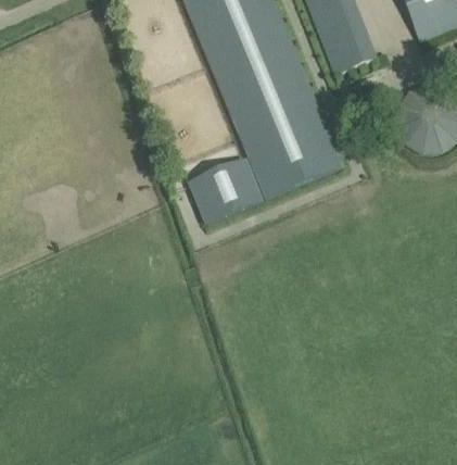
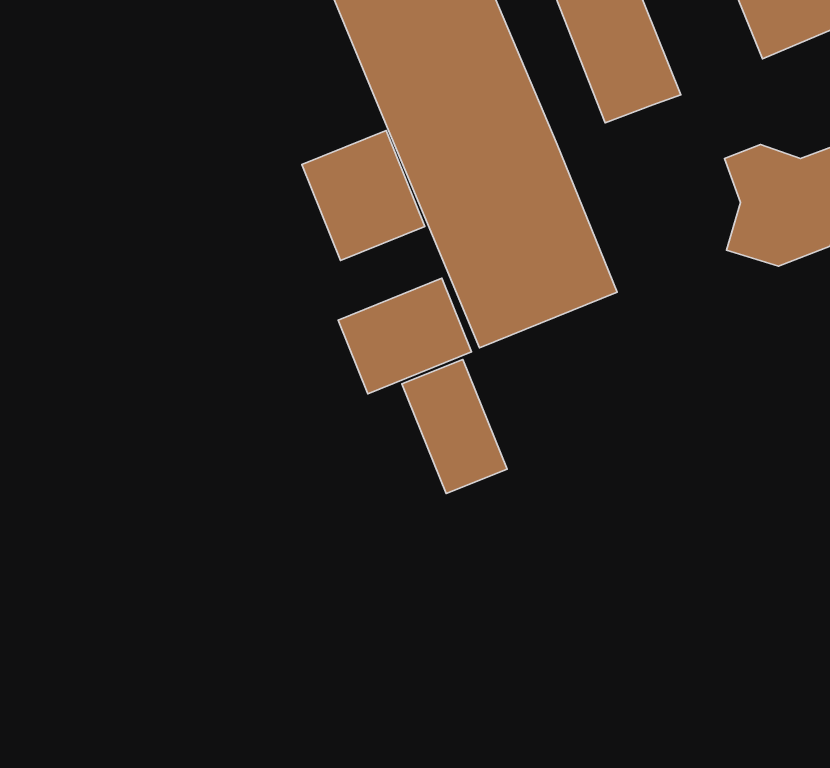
building: none -> [302,130,425,261]
building: none -> [402,359,507,494]

